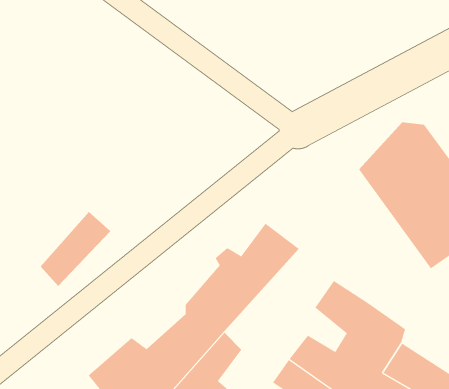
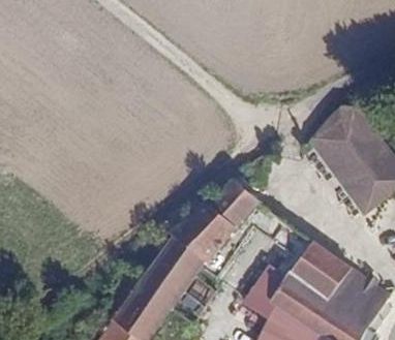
building: [40,211,111,287] -> none

